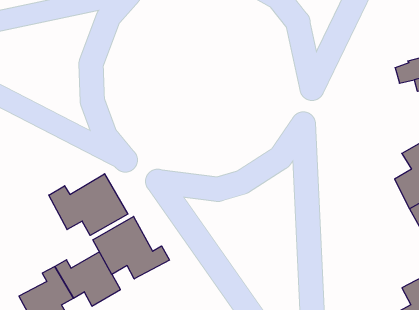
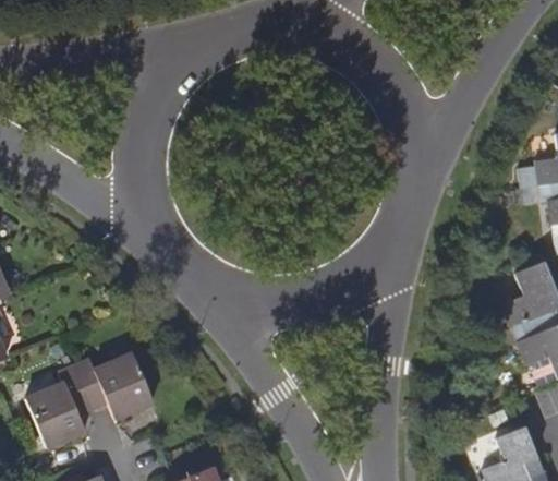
building: [49,174,128,235] -> none
building: [93,216,169,279] -> none

